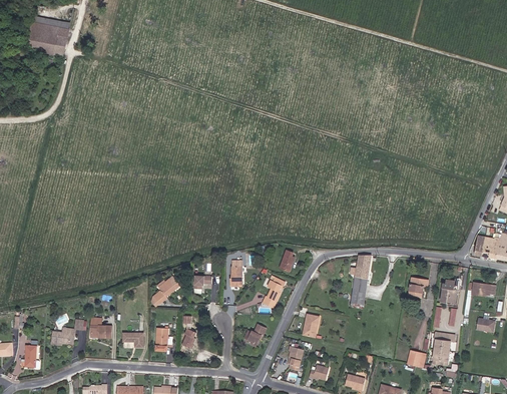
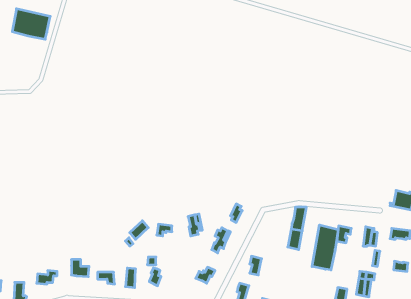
building: none -> [312,225,338,270]

